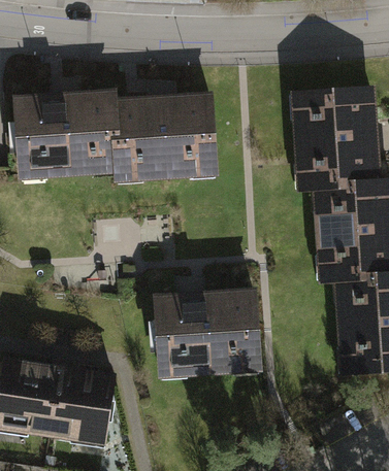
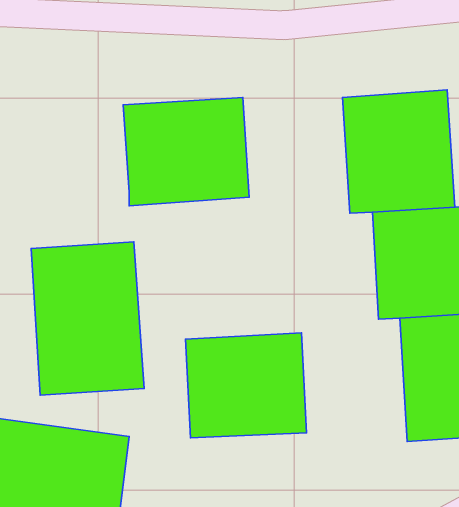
building: [11,89,114,177] -> none
building: none -> [31,242,144,395]

